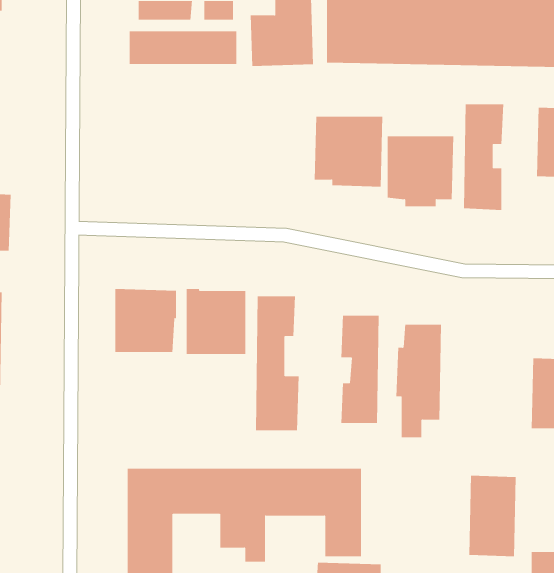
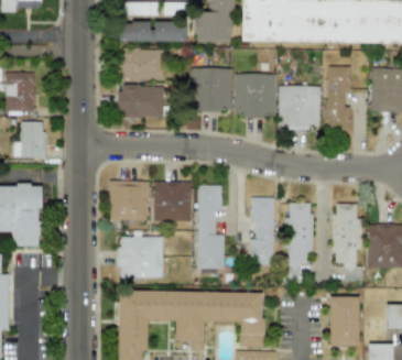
building: none -> [119,50,164,81]
building: none -> [188,67,232,112]
building: none -> [119,86,164,118]
building: none -> [334,204,362,281]
building: none -> [119,236,164,279]

